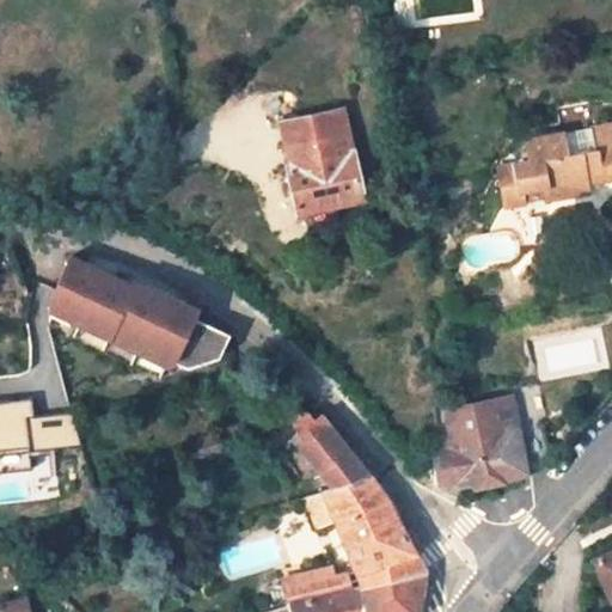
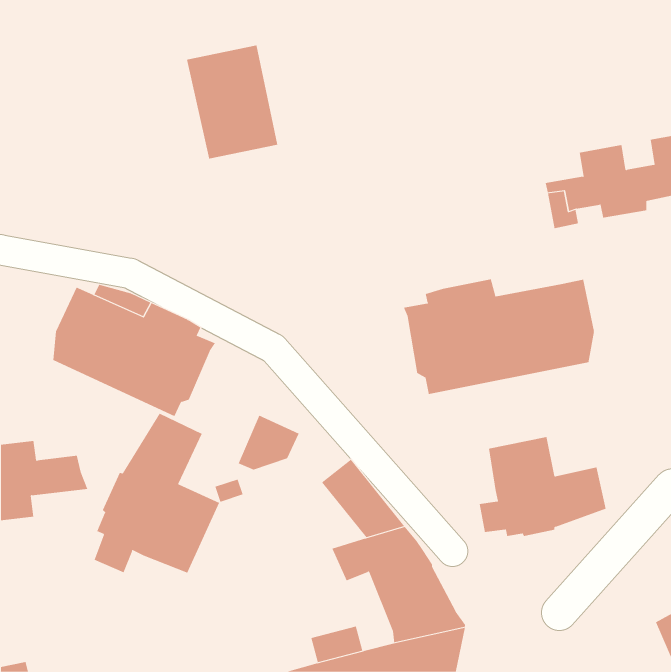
building: [280,106,363,210] -> [186,45,278,159]
building: none -> [403,278,594,395]
building: [173,319,230,369] -> [238,415,300,470]
building: none -> [94,413,220,574]

